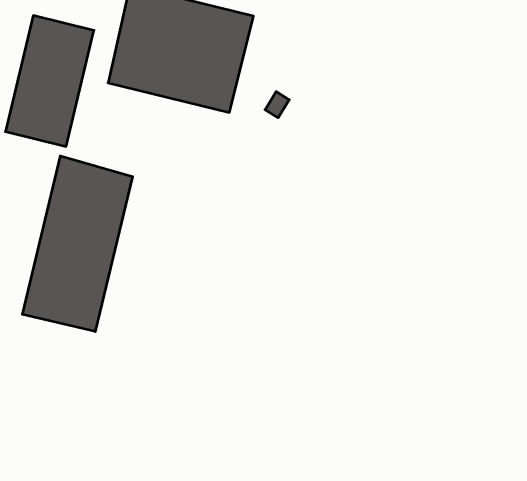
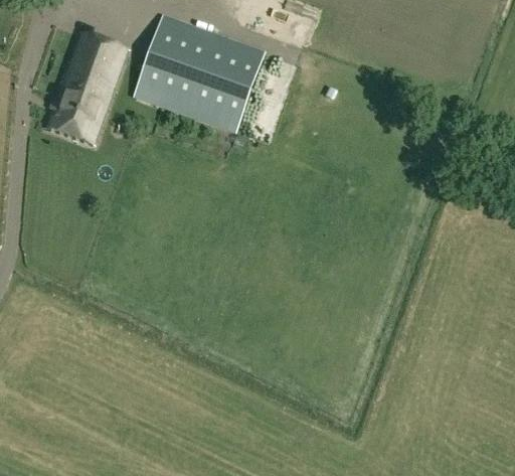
building: [22,156,133,332] -> none

